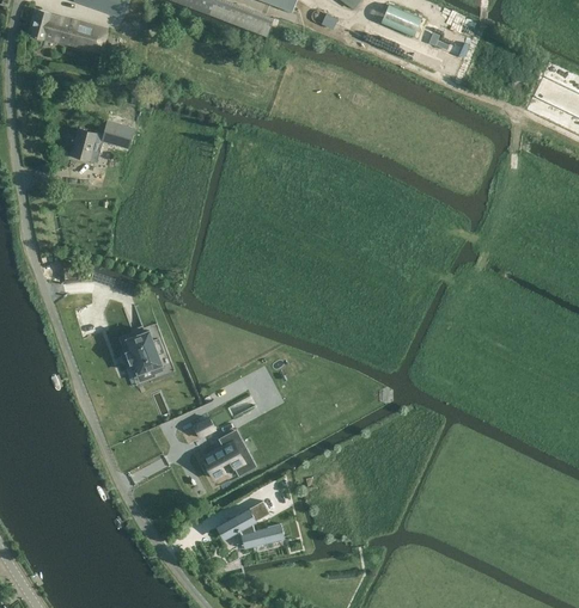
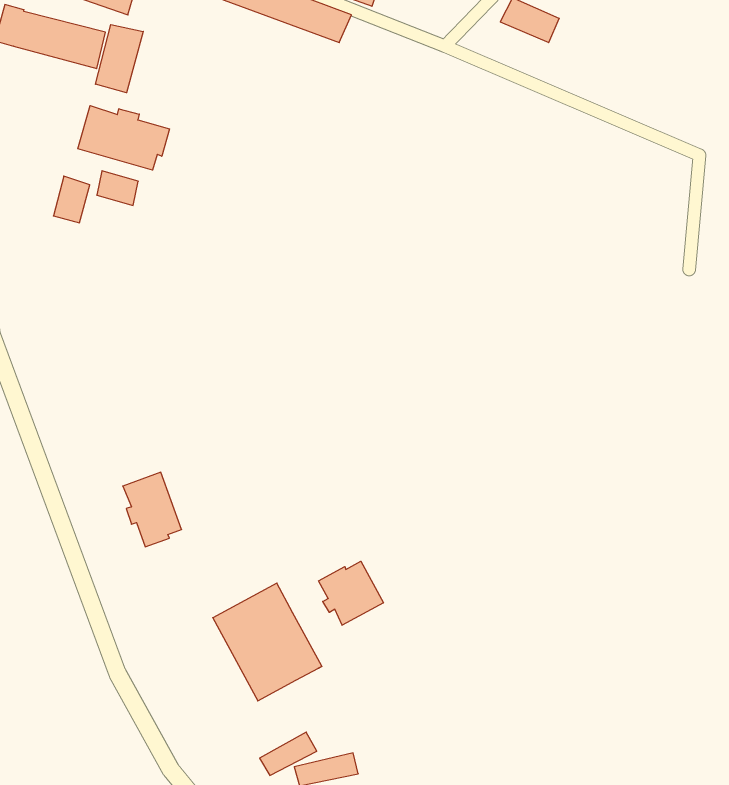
building: none -> [95,25,143,93]
building: none -> [78,106,169,170]
building: none -> [319,561,383,625]

